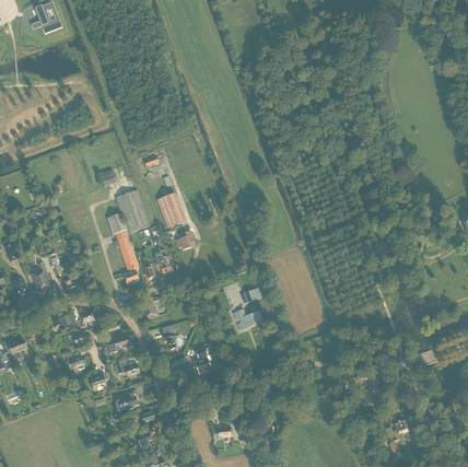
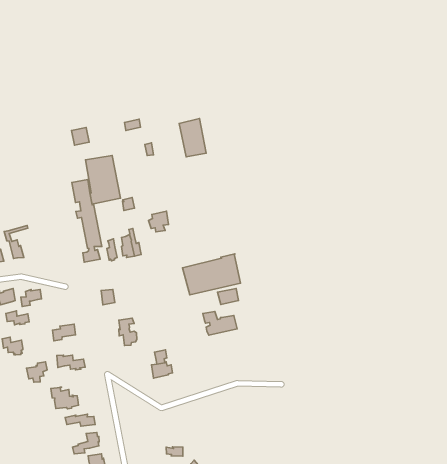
building: [156,192,183,226] -> [179,119,206,157]
building: none -> [182,254,241,295]

